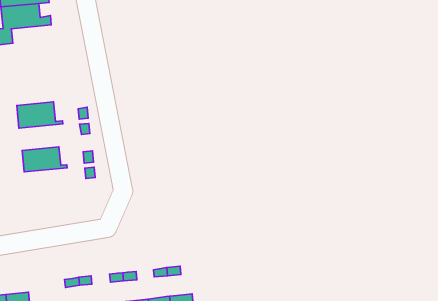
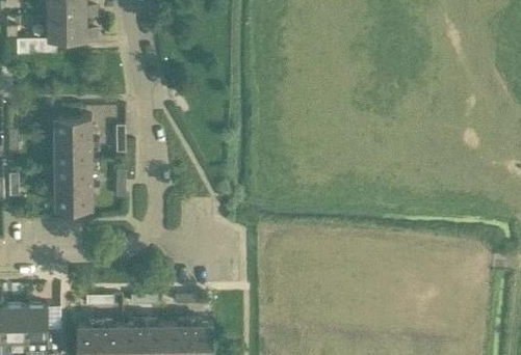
building: none -> [53,139,98,162]
building: none -> [54,184,98,207]

